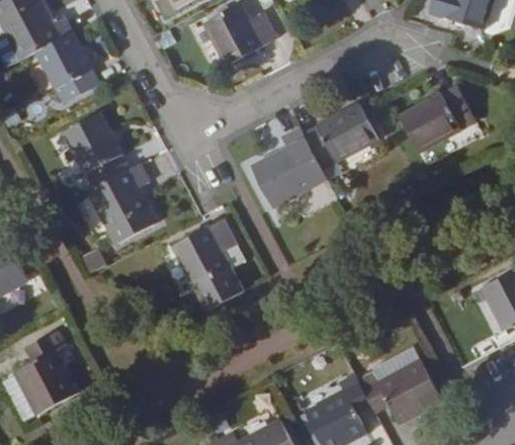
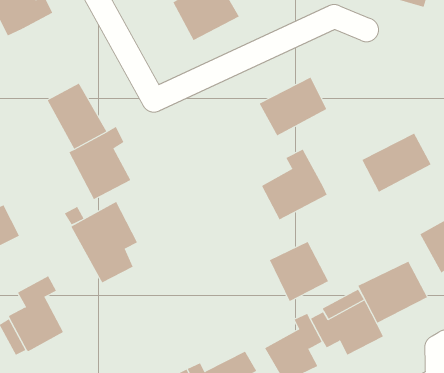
building: [34,33,96,103] -> none
building: [396,86,475,153] -> [361,133,432,192]
building: [250,129,325,209] -> [261,149,328,220]
building: [170,217,246,309] -> [71,201,138,283]
building: none -> [269,241,329,302]
building: none -> [358,261,428,324]

